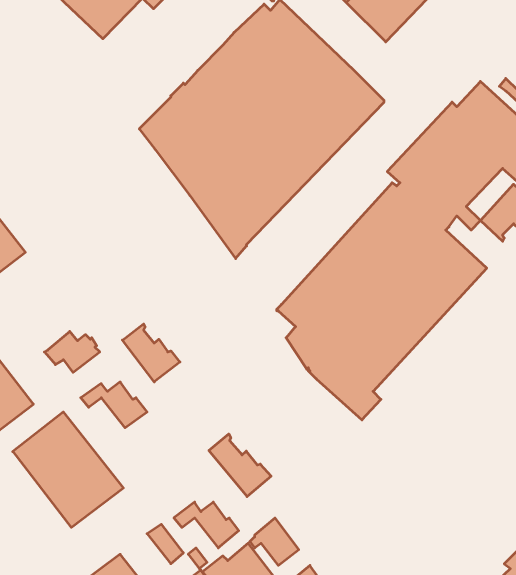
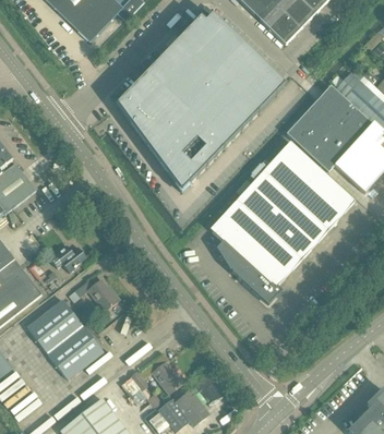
building: [122,324,180,382] -> none
building: [209,434,271,497] -> none

